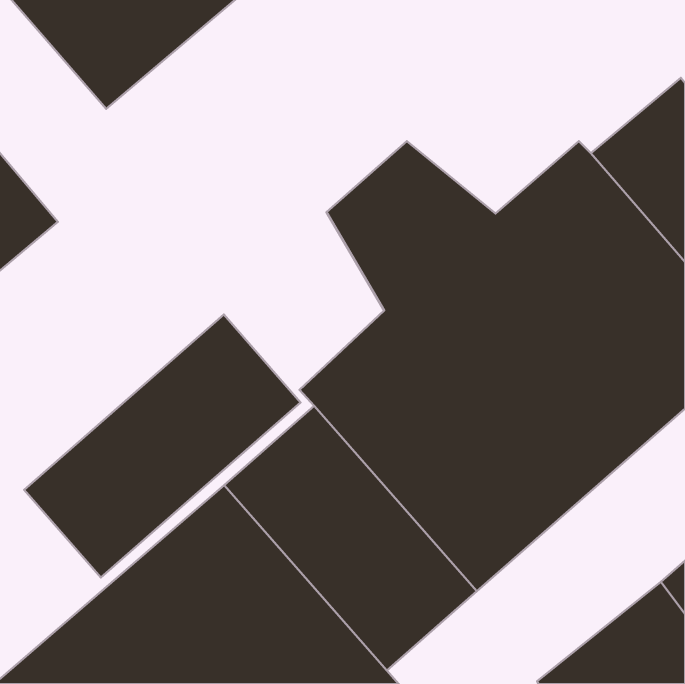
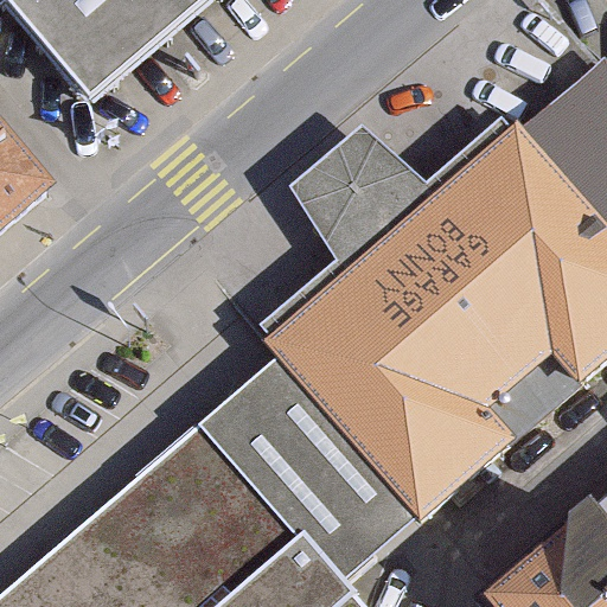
building: [24,315,301,578] -> none

